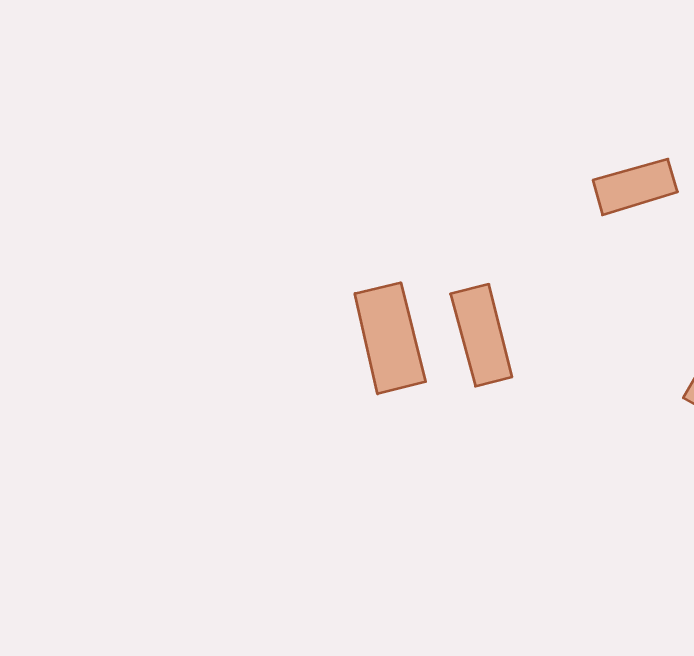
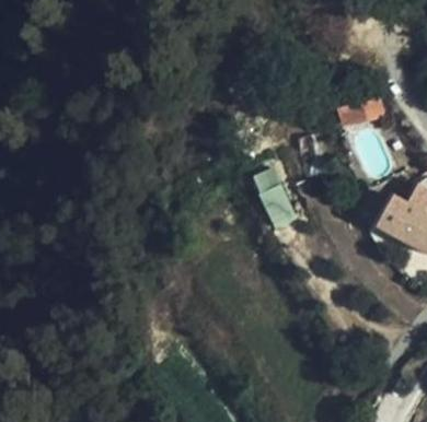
building: [355,283,426,394] -> none

